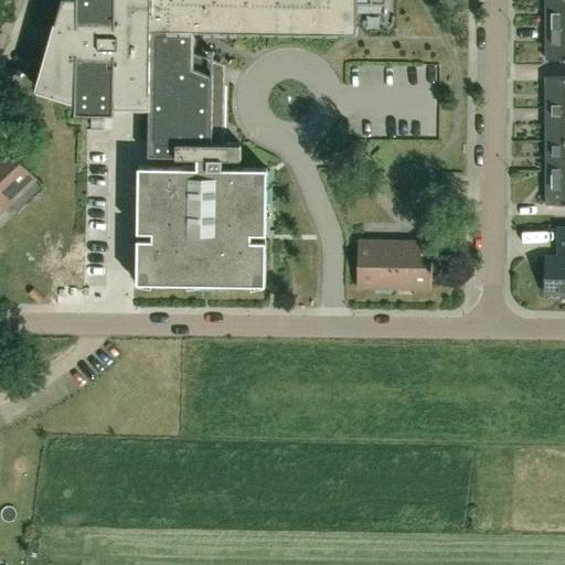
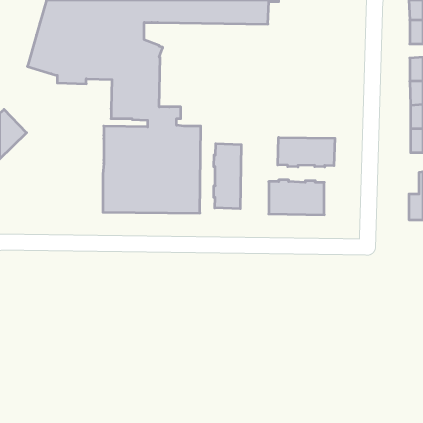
building: none -> [278,137,335,167]
building: none -> [214,144,241,209]

